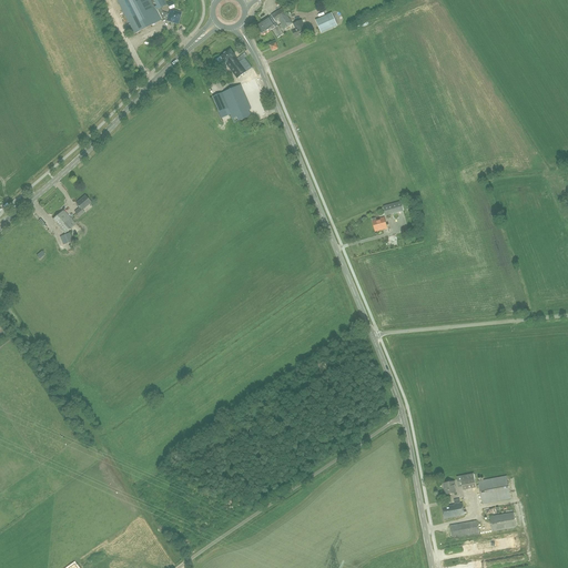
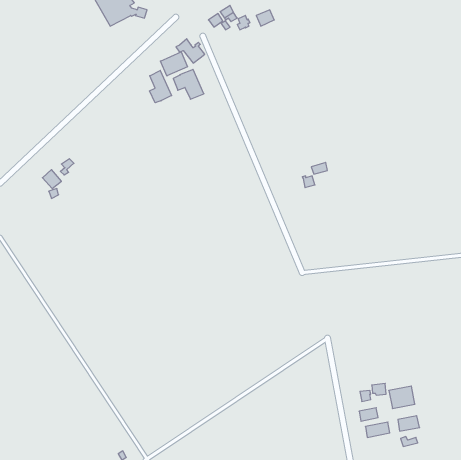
building: none -> [160,52,188,76]
building: none -> [150,70,172,103]

